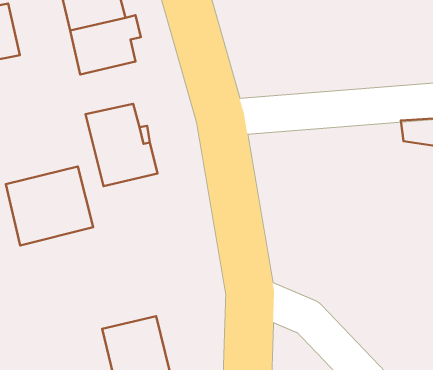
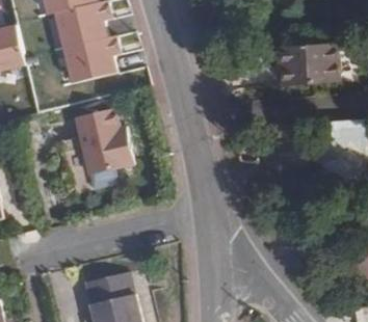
building: none -> [271,42,327,83]
building: [6,167,93,246] -> none

